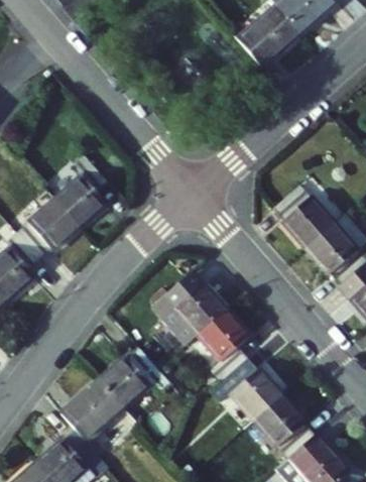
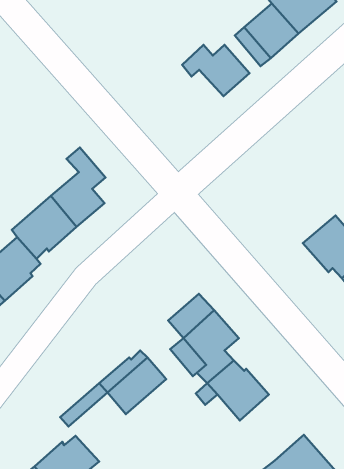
building: none -> [182,45,250,96]
building: [278,178,336,240] -> none
building: [145,278,202,316] -> none
building: [74,386,130,441] -> none
building: [242,388,302,453] -> none

